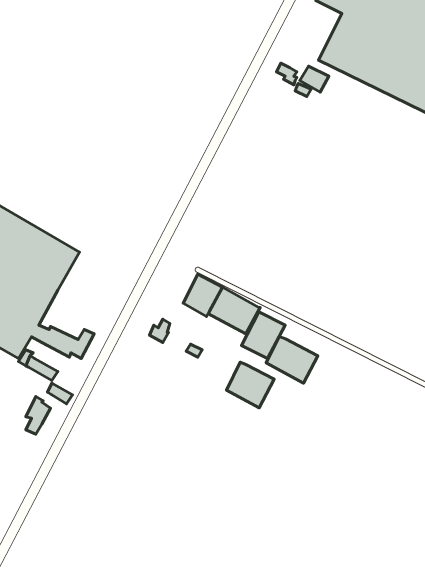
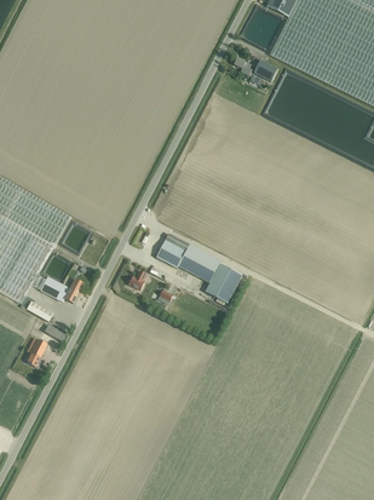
building: [266,336,318,383] -> none
building: [227,362,274,408] -> none

